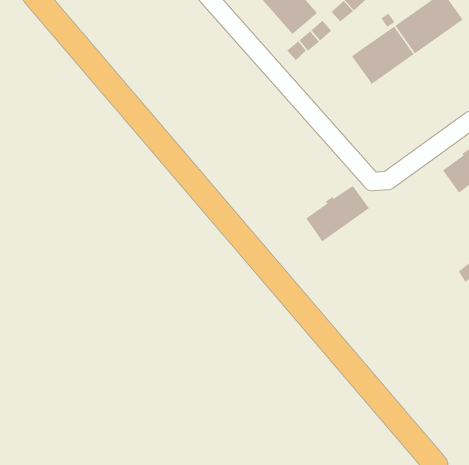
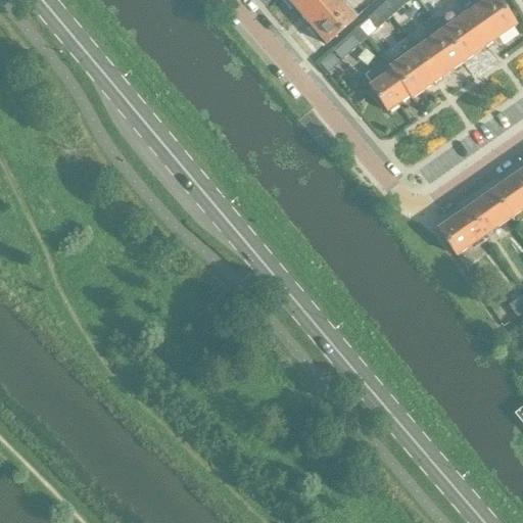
building: none -> [371,65,412,107]
building: [305,185,370,242] -> [439,189,511,252]

